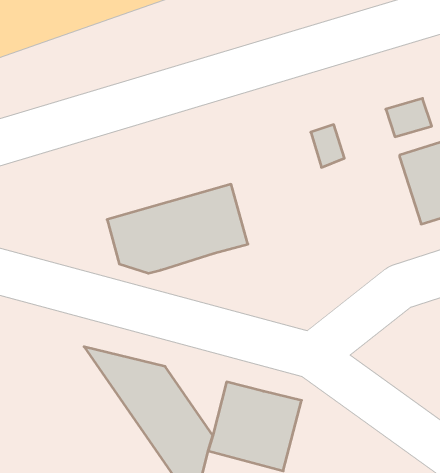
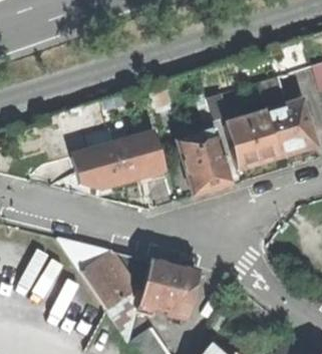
building: none -> [226,112,279,168]
building: none -> [179,129,234,195]

